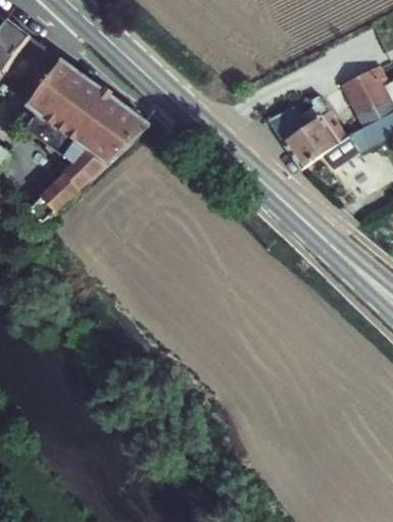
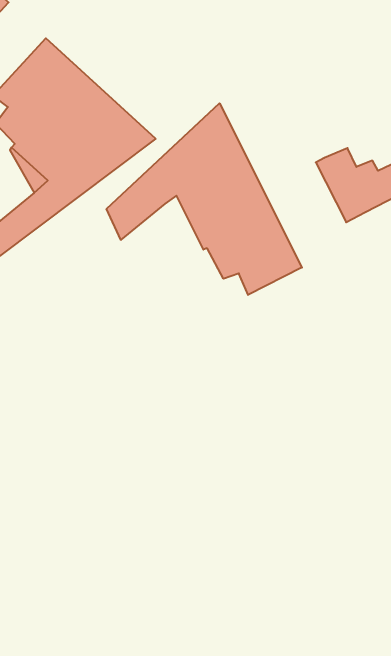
building: none -> [107,103,302,295]

